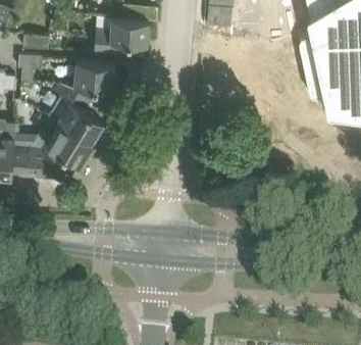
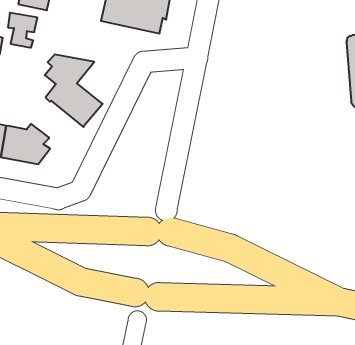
building: [74,61,115,90] -> none
building: [30,125,95,167] -> none

